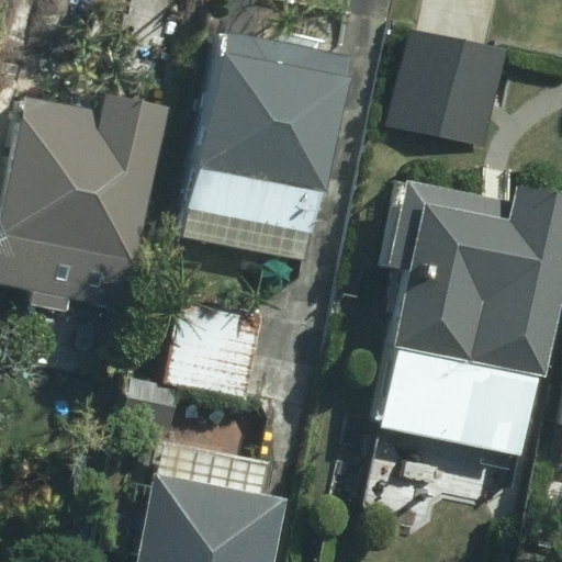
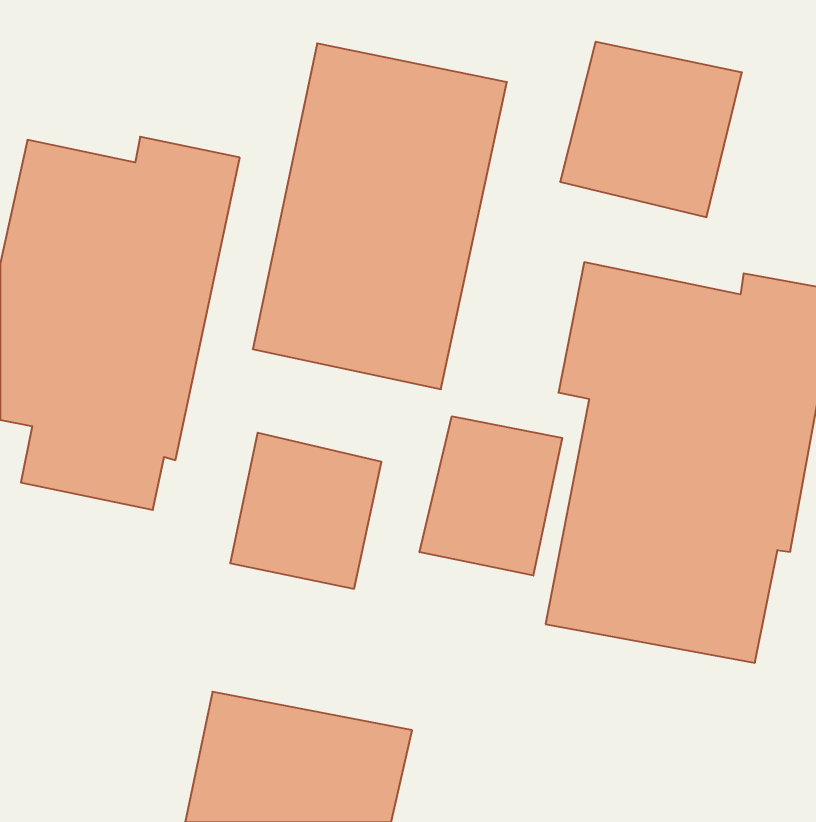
building: none -> [420,416,562,576]

